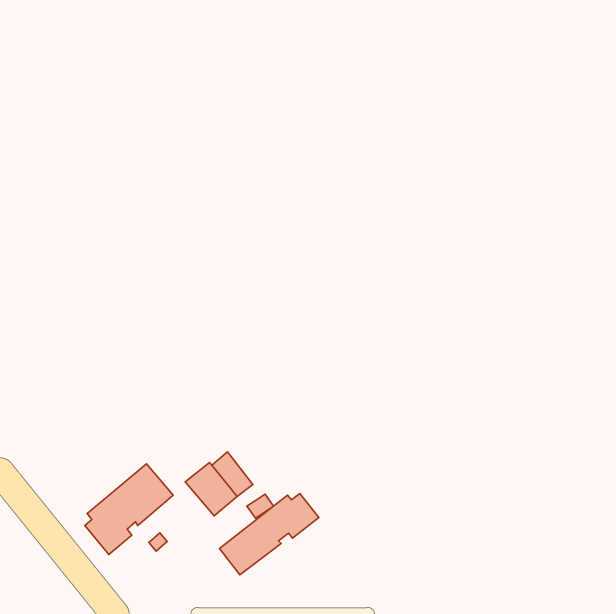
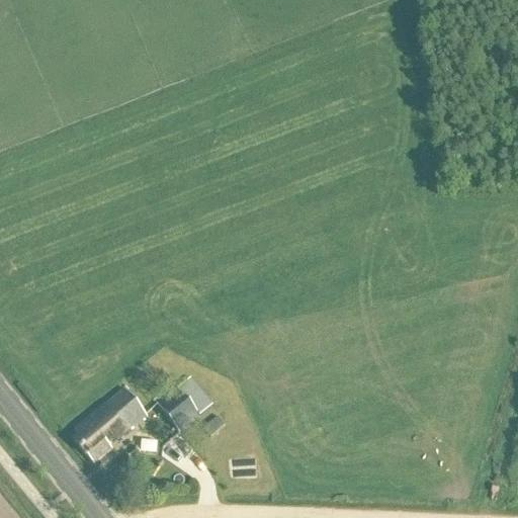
building: [220,493,319,575] -> none

